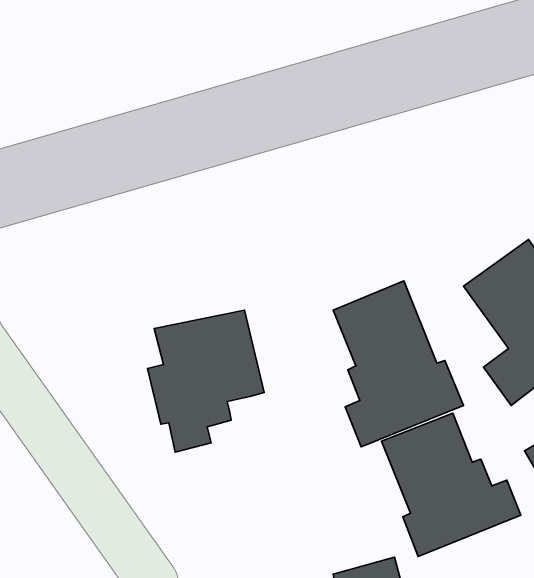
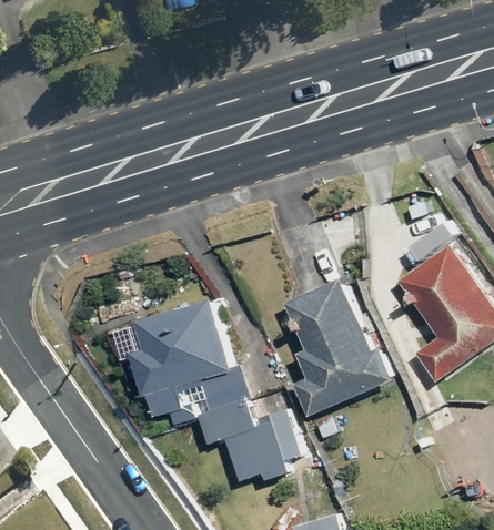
building: none -> [198,367,296,482]
building: [381,413,521,556] -> none

